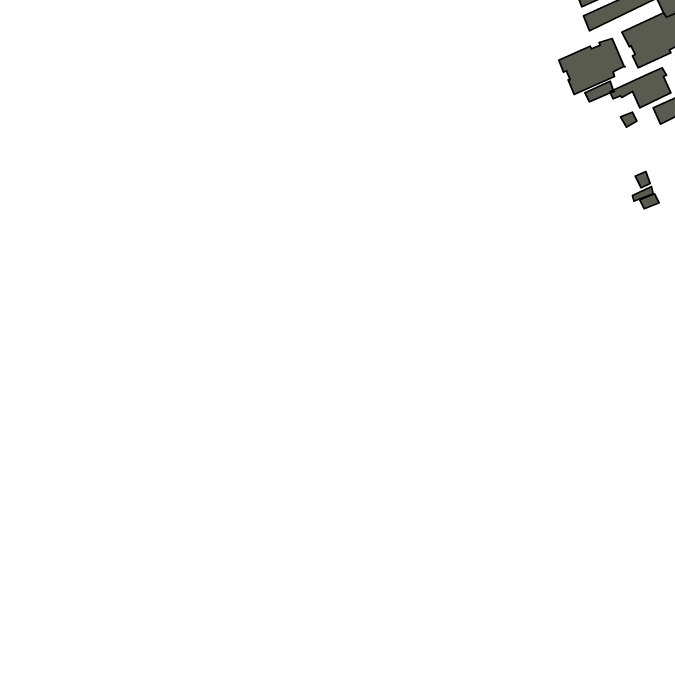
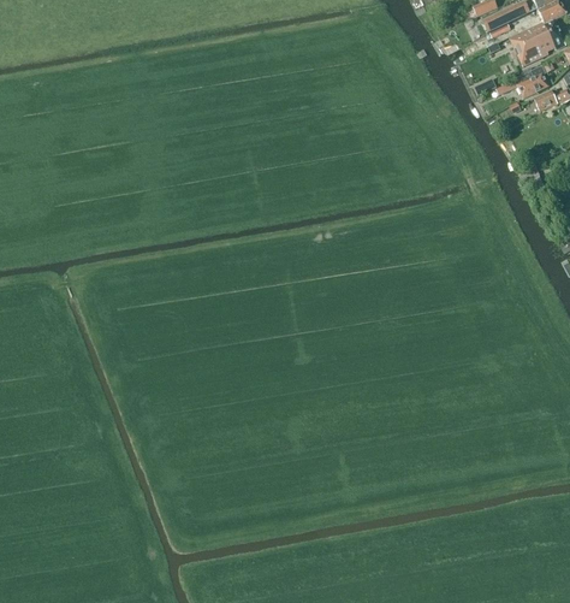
building: [559,38,625,95] -> none

